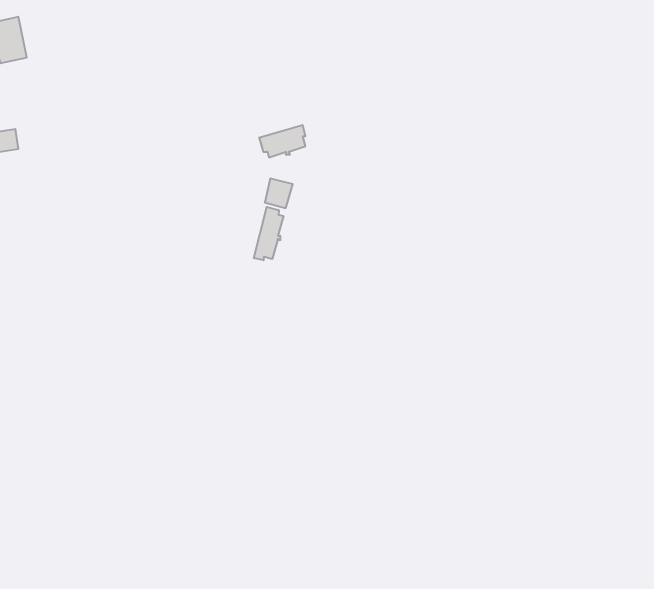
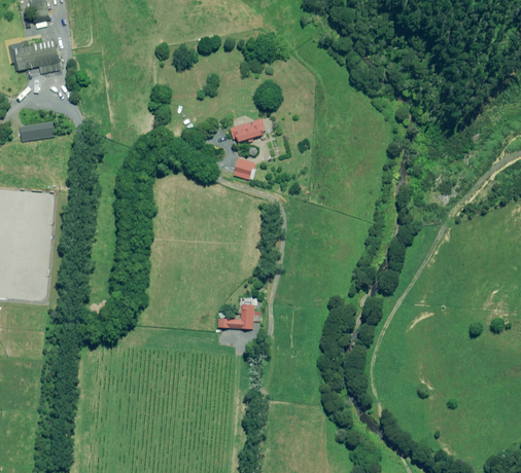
building: [254,207,283,260] -> none
building: none -> [217,303,259,328]

